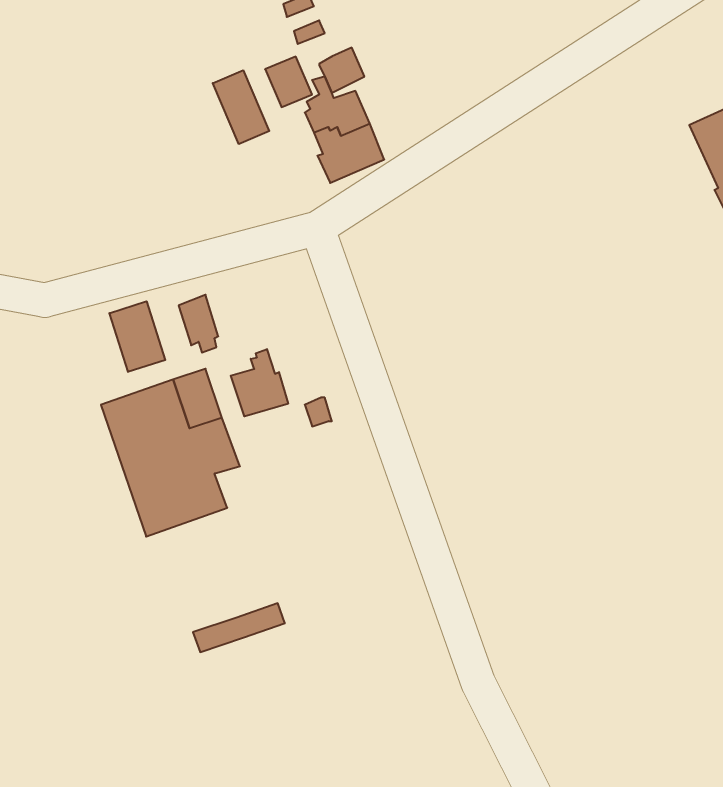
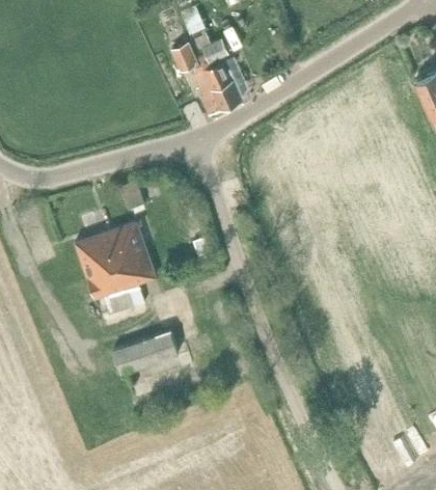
building: [213,70,269,144] -> none
building: [109,301,165,372] -> none
building: [231,349,288,416] -> none
building: none -> [114,331,175,372]

